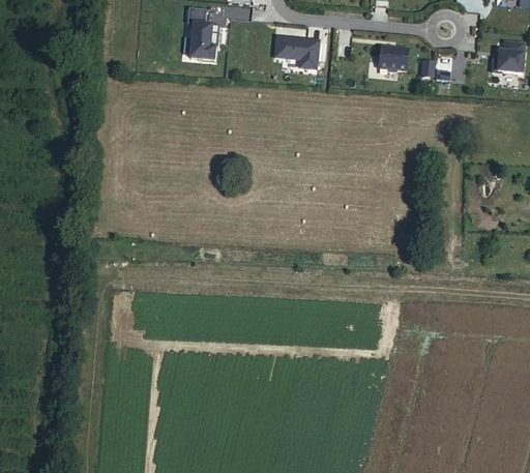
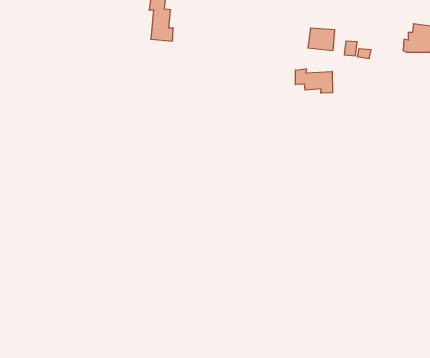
building: [273,35,322,70] -> none
building: none -> [295,69,332,93]

